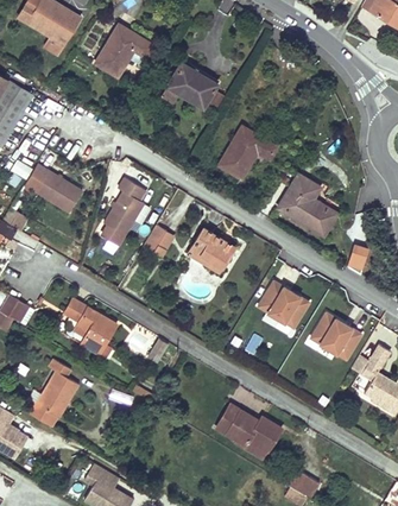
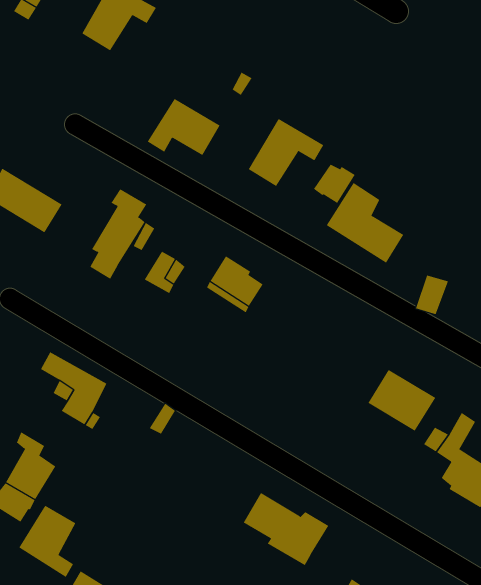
building: [162,63,216,106] -> [147,98,220,156]
building: none -> [313,164,355,204]
building: [257,280,308,327] -> none
building: none -> [18,505,76,578]

